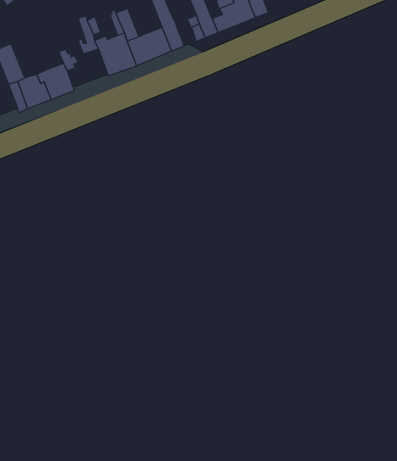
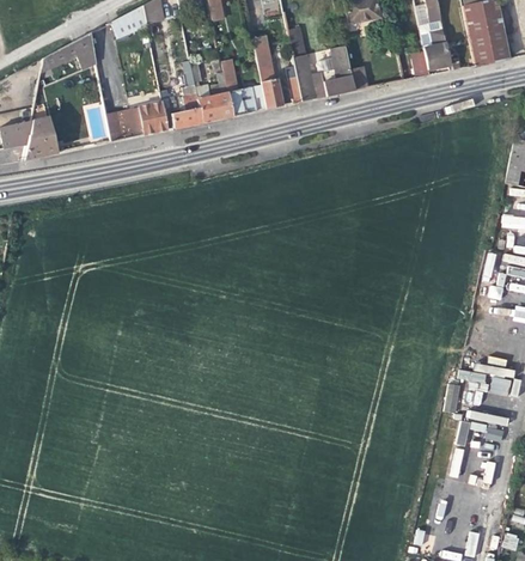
building: none -> [171,93,203,128]

